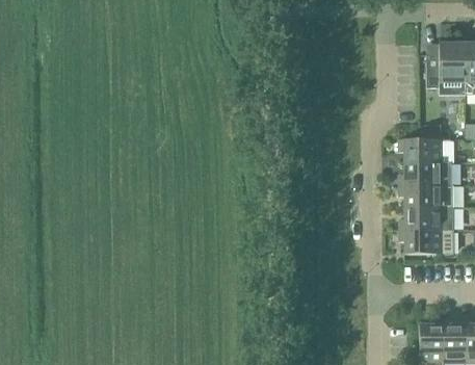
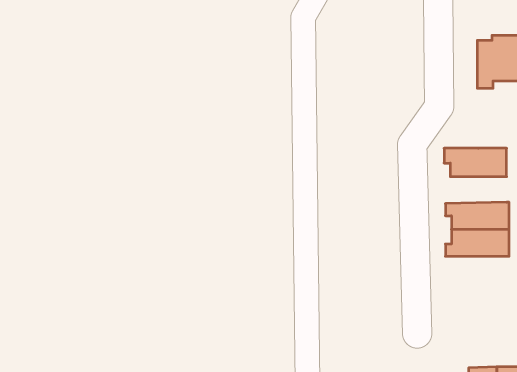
building: [400,163,452,186] -> none
building: [400,231,454,254] -> none

